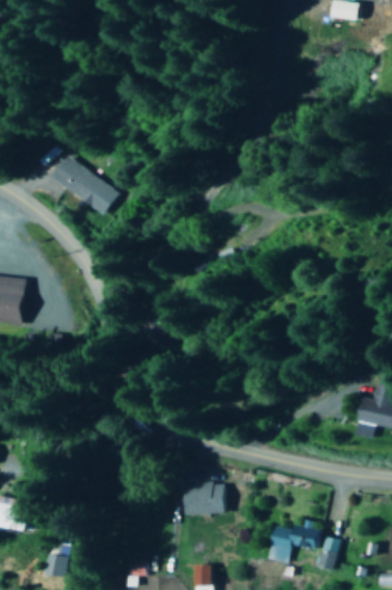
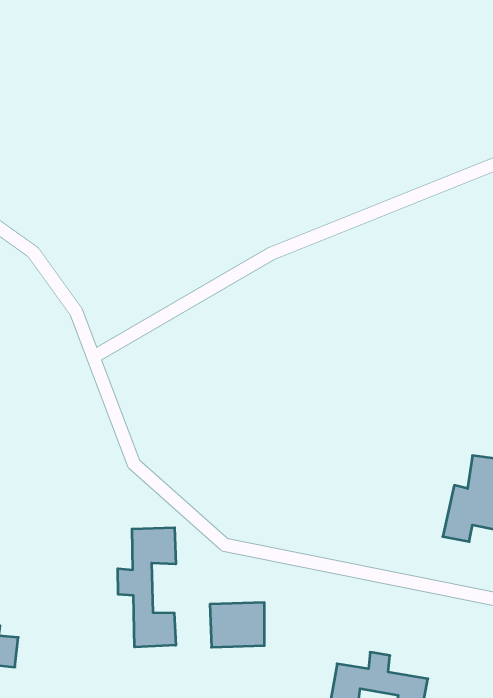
building: [50,154,115,207] -> none
building: none -> [118,528,176,647]

